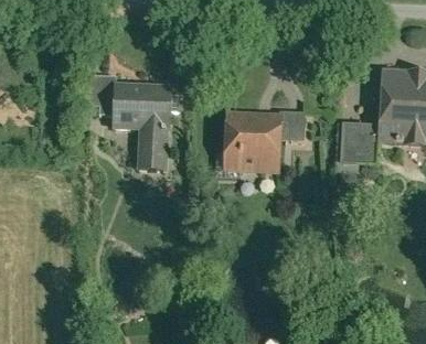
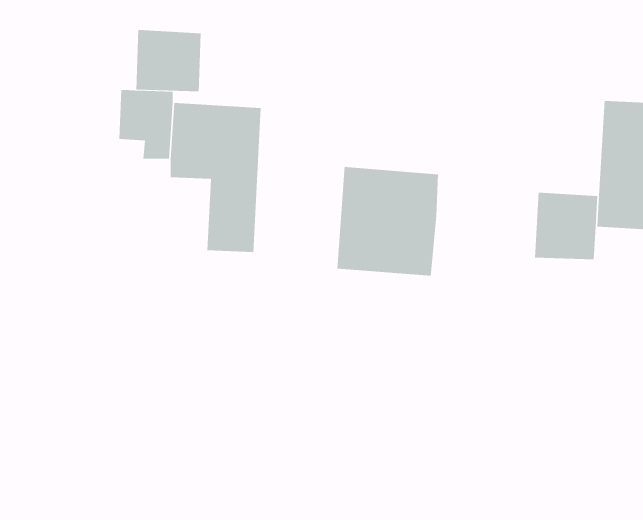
building: none -> [136,29,201,92]
building: [278,110,307,140] -> none

